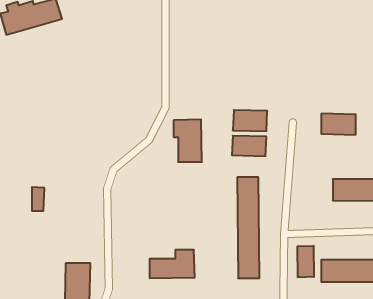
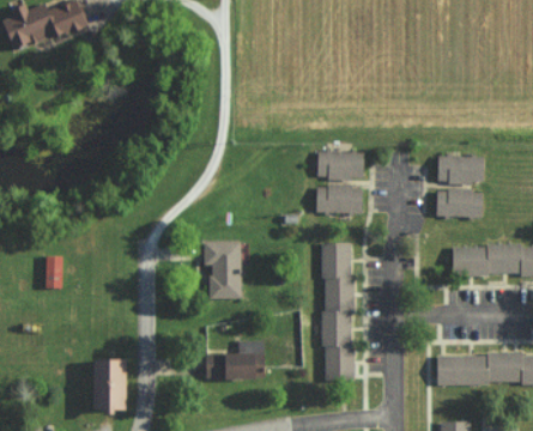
building: [174,119,202,162] -> [202,241,241,298]
building: none -> [435,190,483,218]
building: [297,246,314,277] -> none

